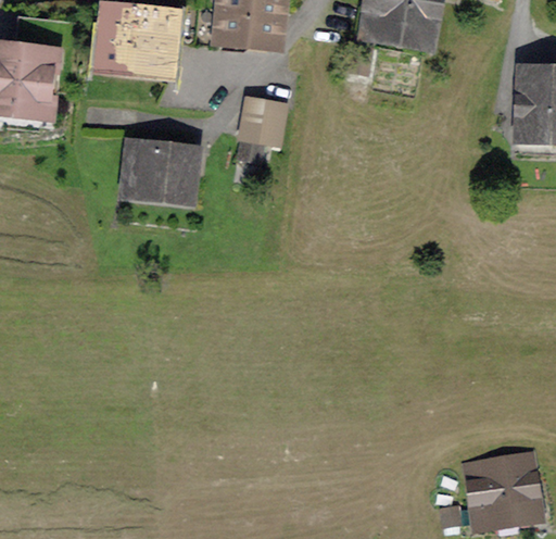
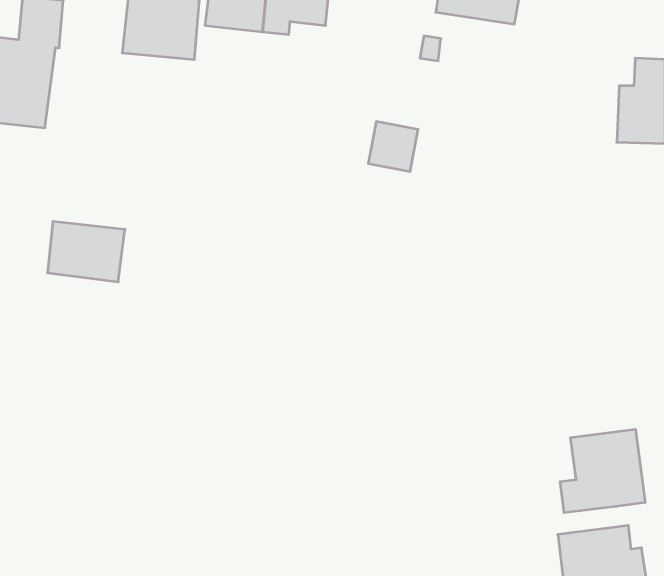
building: [242,101,283,142] -> [368,122,418,171]
building: [128,147,192,197] -> [47,222,125,282]
building: none -> [560,429,645,513]

